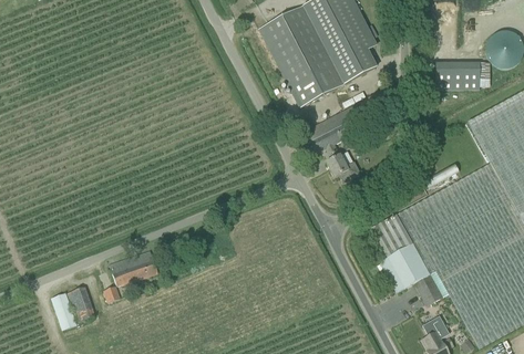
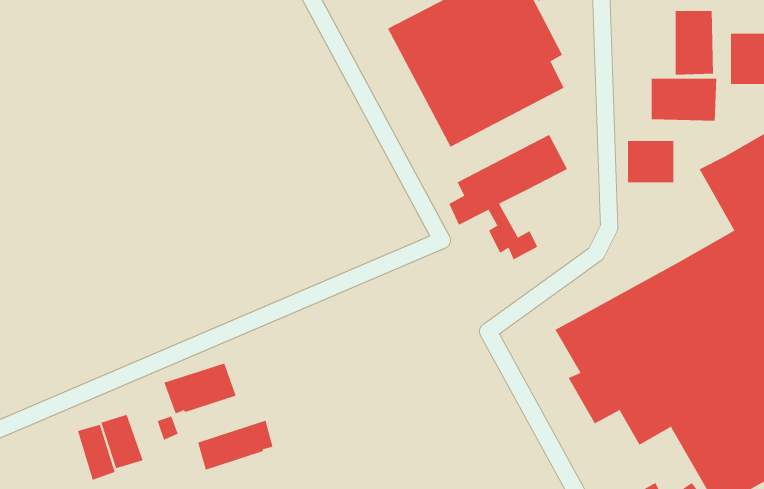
building: none -> [675,10,714,76]
building: none -> [627,140,674,183]
building: none -> [197,420,273,470]

